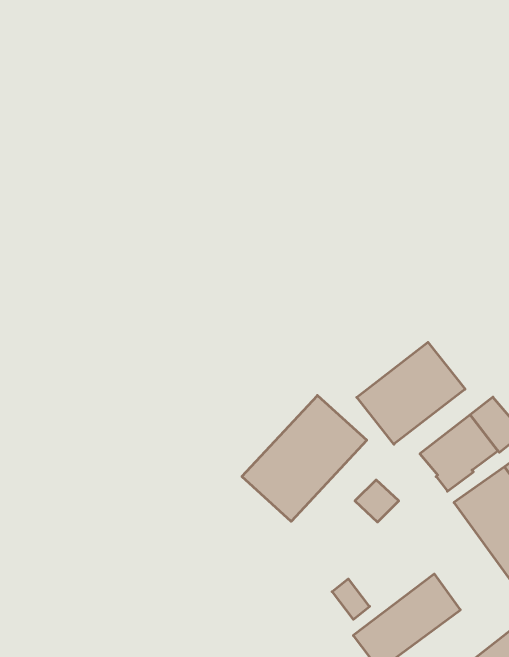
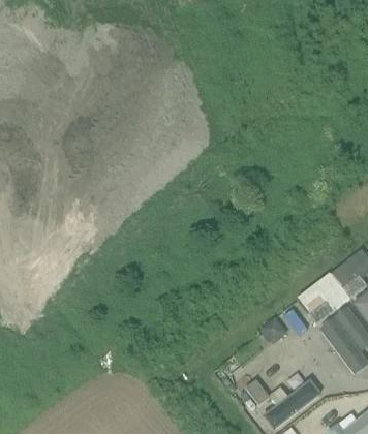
building: [357,342,465,444] -> none
building: [242,395,367,521] -> none

